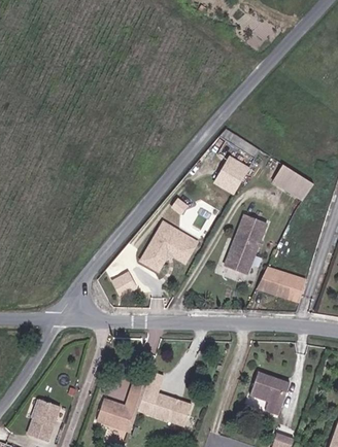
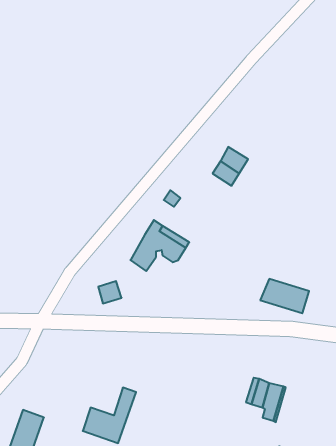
building: [271,161,314,198] -> none
building: [224,214,265,274] -> none
building: [148,392,190,424] -> none

